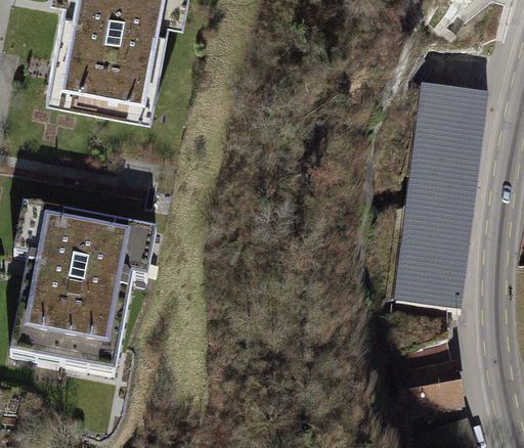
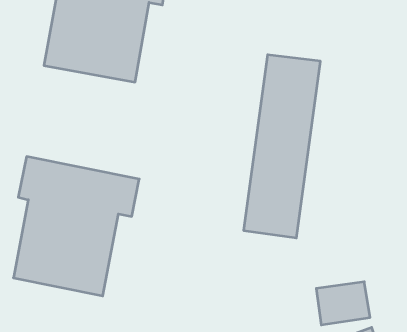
building: [392,80,487,306] -> [244,55,320,238]

